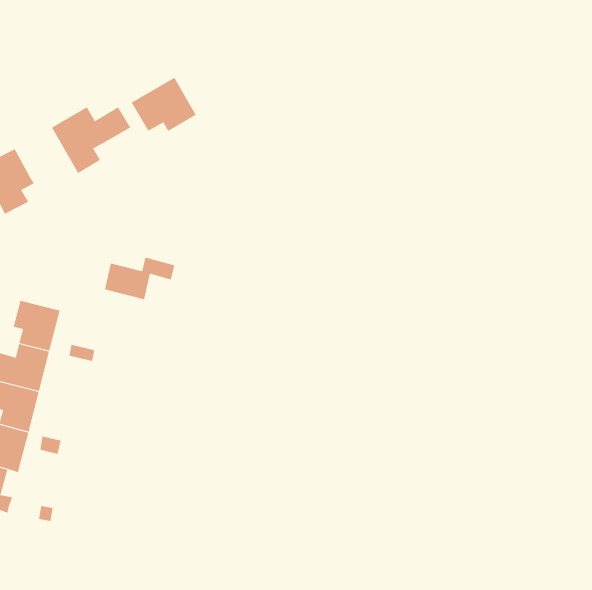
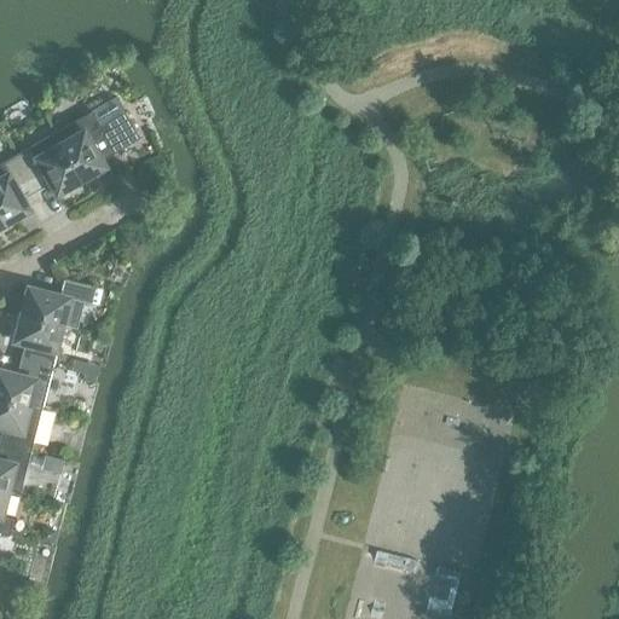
building: [131,77,197,132] -> none
building: none -> [16,135,81,197]
building: [104,257,175,300] -> [21,282,94,326]

